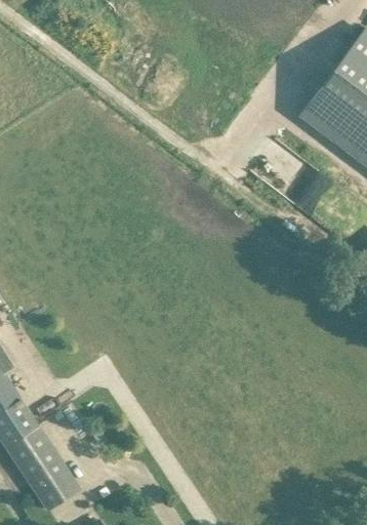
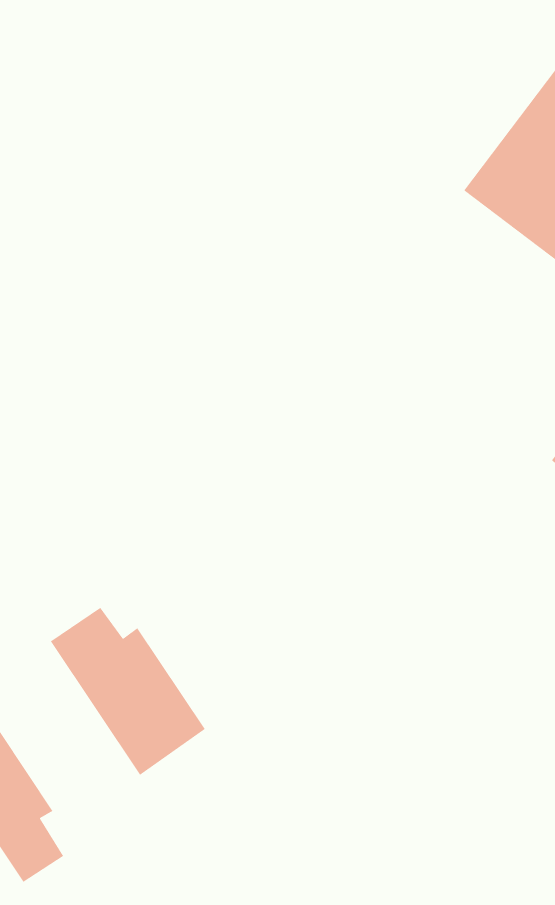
building: none -> [50,607,206,776]

